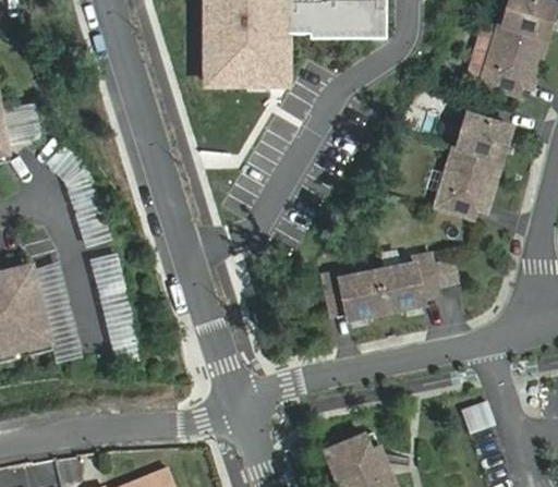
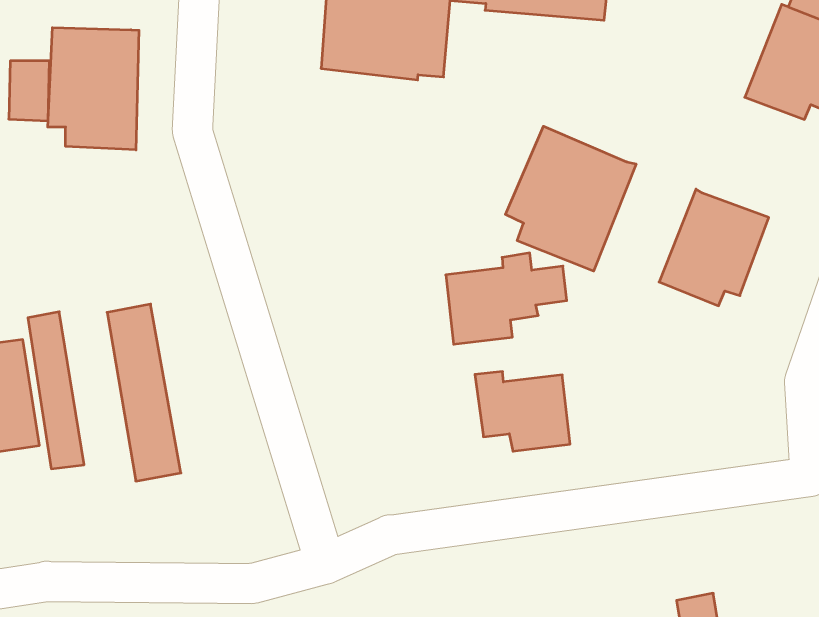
building: none -> [48,28,139,150]
building: none -> [505,126,636,271]
building: [458,110,511,156] -> none
building: [378,248,457,311] -> [446,253,567,344]

